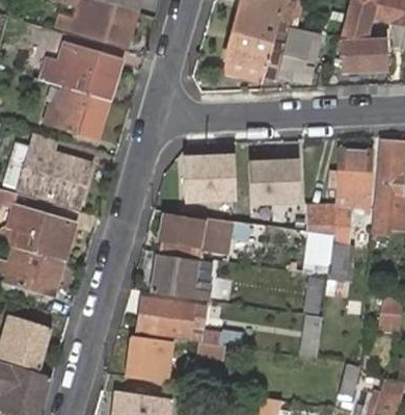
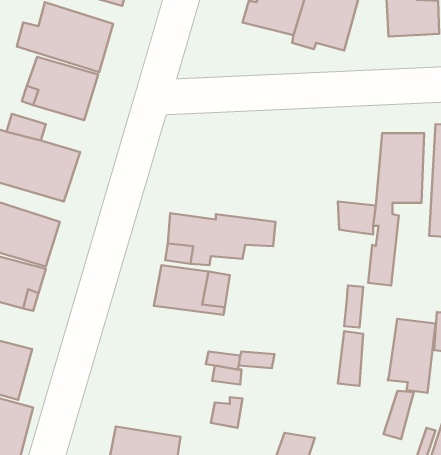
building: [180,153,230,198] -> none
building: [246,159,294,202] -> none
building: [305,230,331,273] -> none
building: [126,294,192,334] -> none
building: none -> [388,319,435,393]
building: [125,337,172,380] -> none

